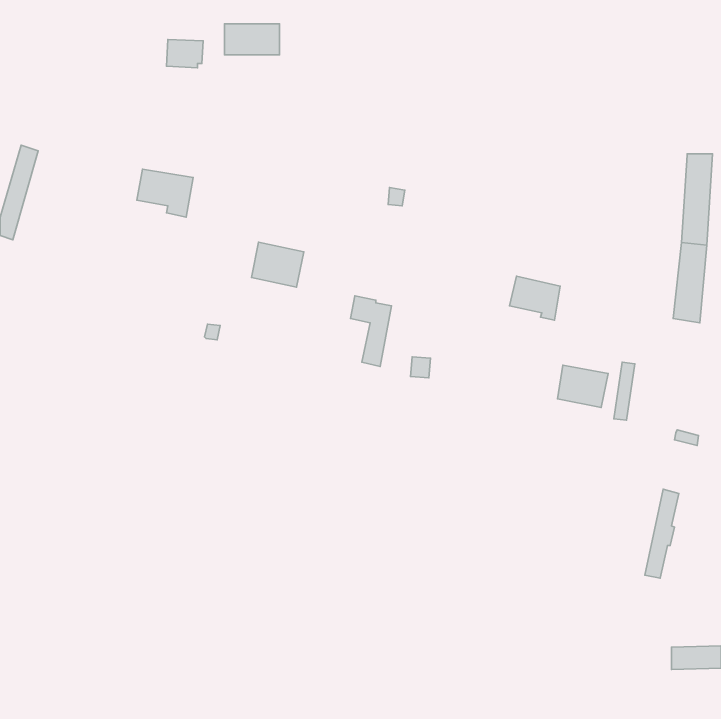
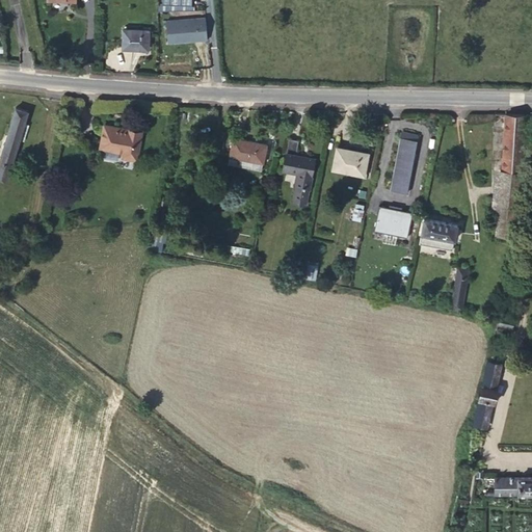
building: none -> [391,132,418,194]
building: none -> [332,149,368,177]
building: [252,242,304,287] -> [229,138,267,171]
building: [351,296,391,366] -> [284,154,314,206]
building: [557,365,608,407] -> [420,219,457,250]

